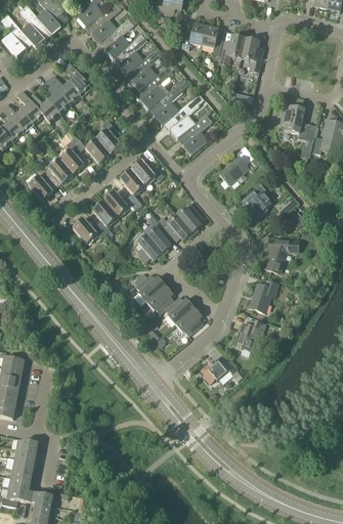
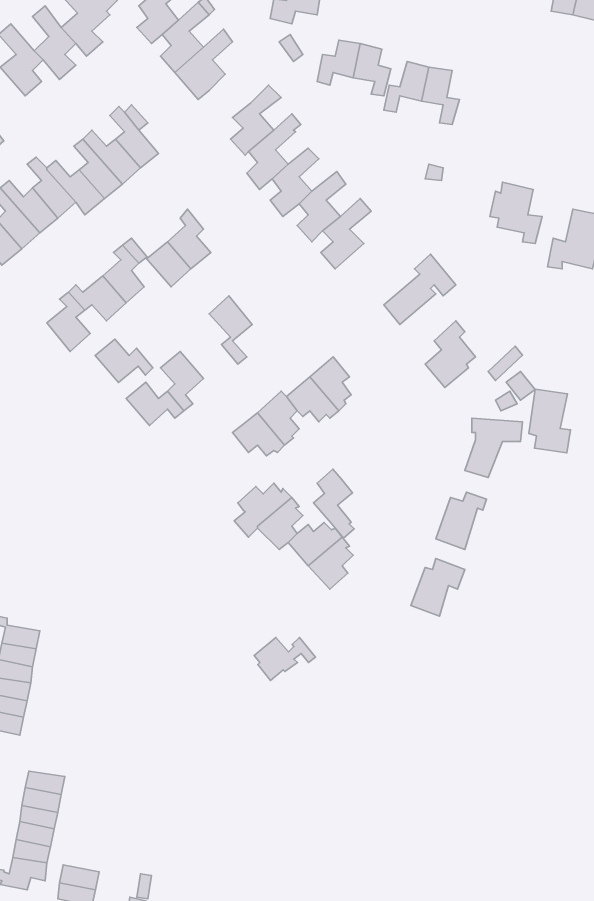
building: [119,34,146,73] -> none
building: [131,160,164,185] -> none
building: [103,191,136,216] -> [95,339,153,382]
building: none -> [529,389,571,453]
building: none -> [314,469,354,538]
building: [201,359,235,384] -> [254,637,316,681]

